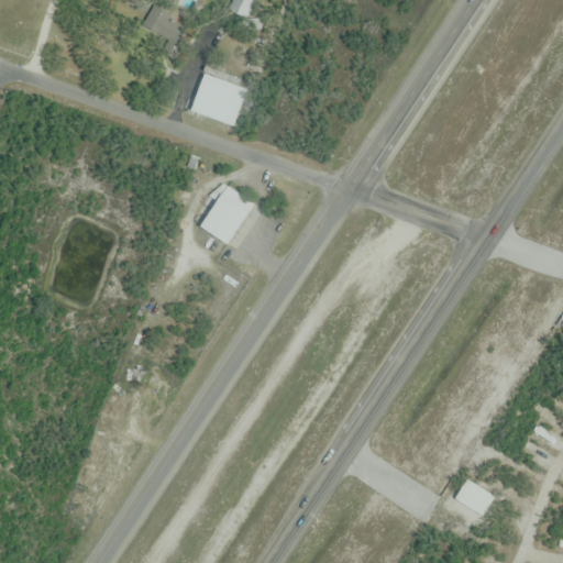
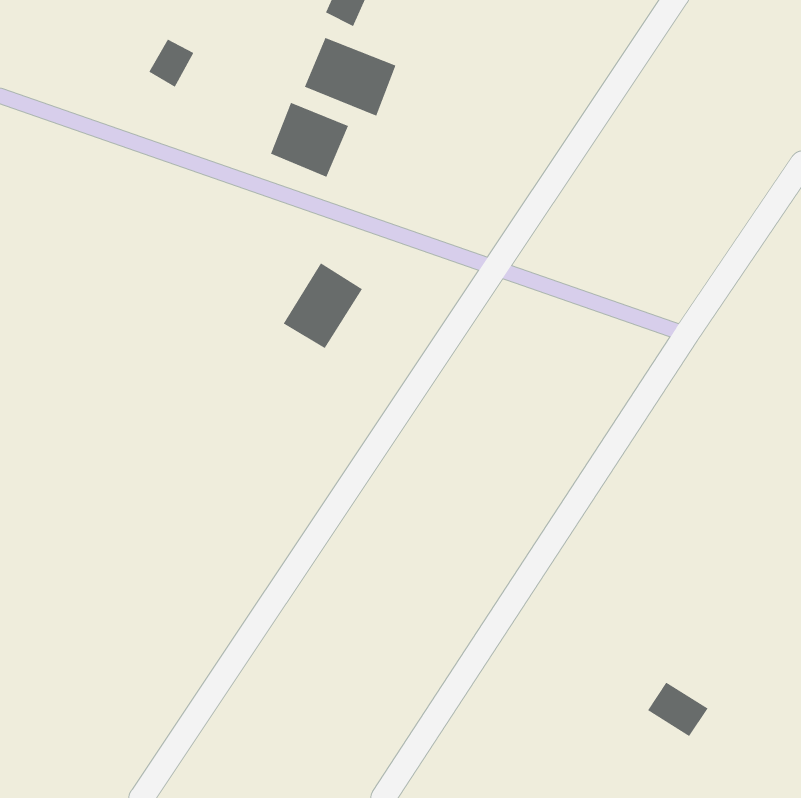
building: [148,8,180,42] -> [149,39,194,87]
building: none -> [304,37,396,117]

